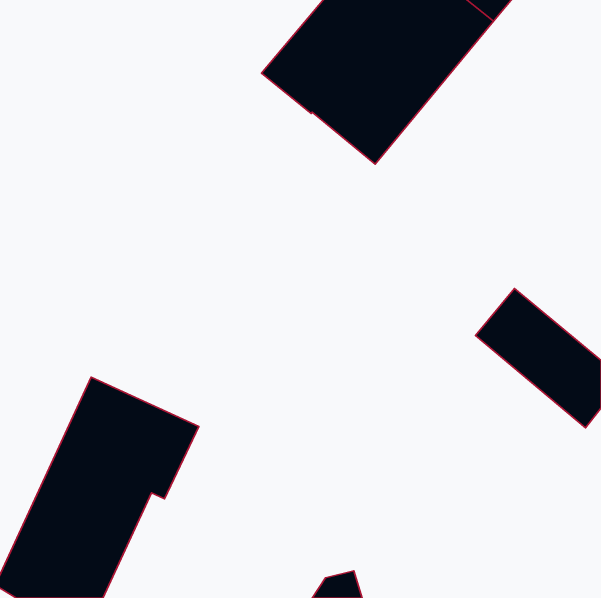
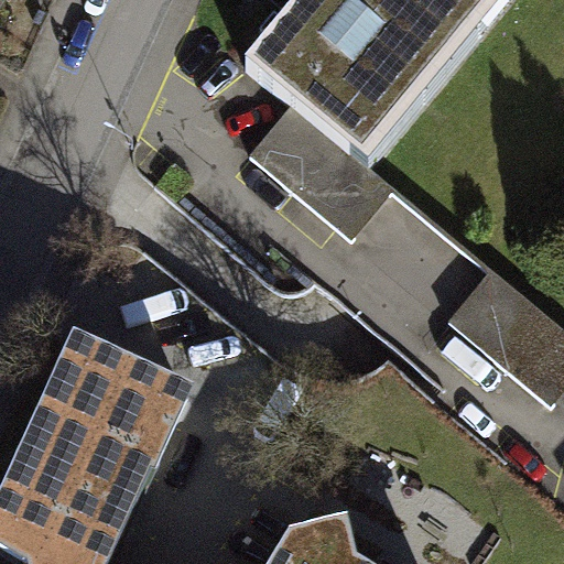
building: none -> [249,105,392,240]

